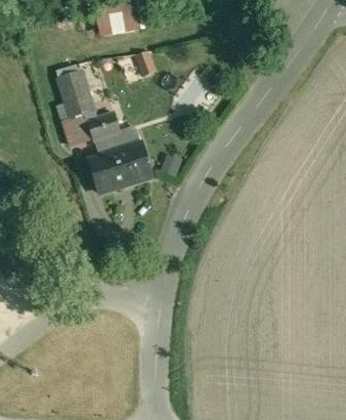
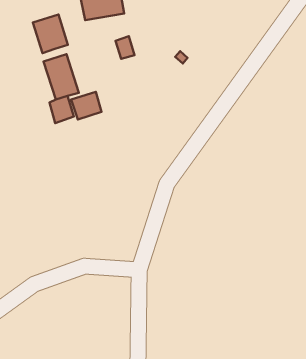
building: none -> [33,15,68,53]
building: [88,141,150,192] -> none

